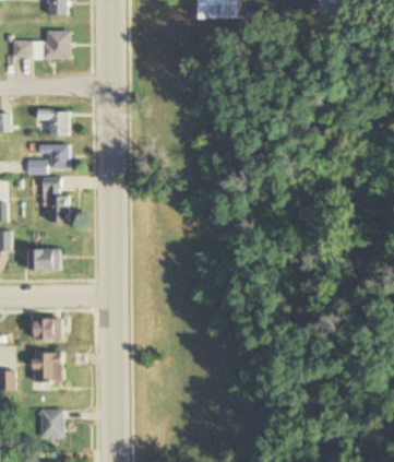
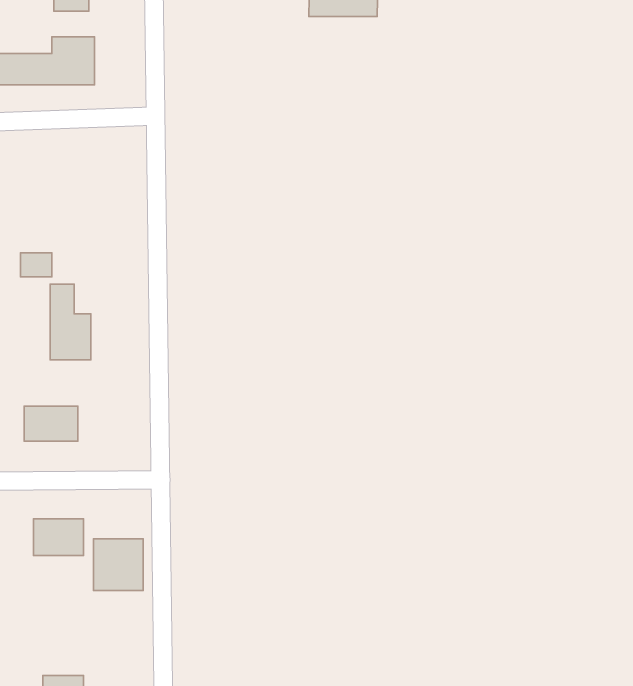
building: [37,108,68,133] -> none
building: [37,143,68,167] -> none
building: [33,350,62,380] -> [93,539,143,590]

